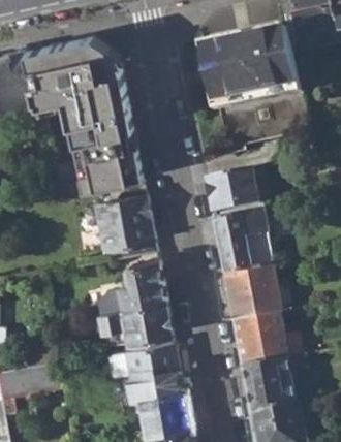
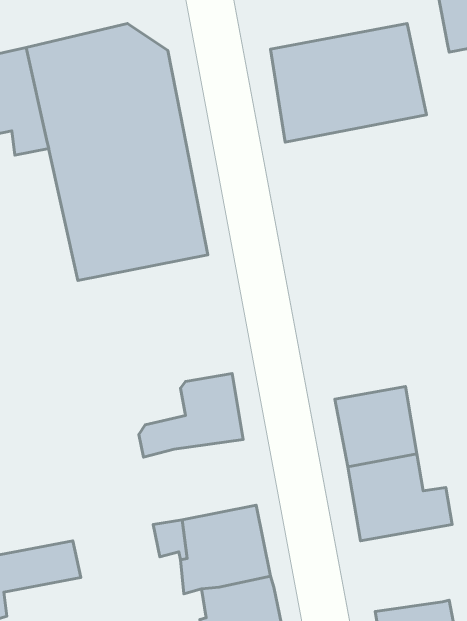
building: [206,166,258,210] -> none
building: [97,192,157,258] -> none
building: [214,207,273,274] -> none
building: [100,299,173,344] -> none
building: [242,354,305,410] -> none

